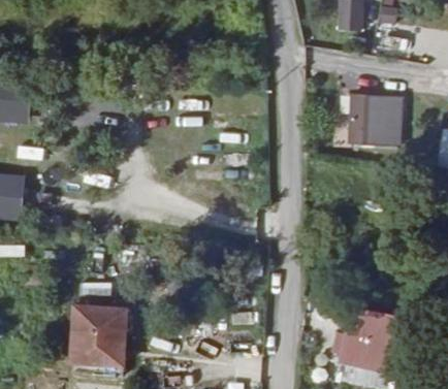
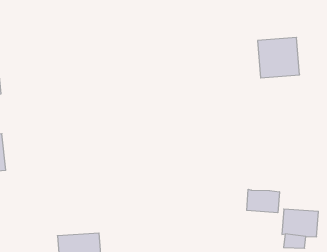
building: none -> [247,189,279,213]

